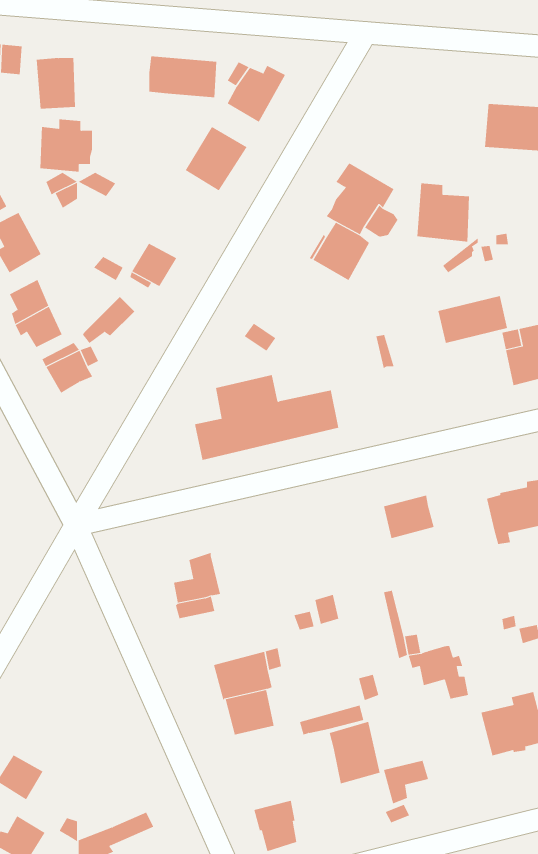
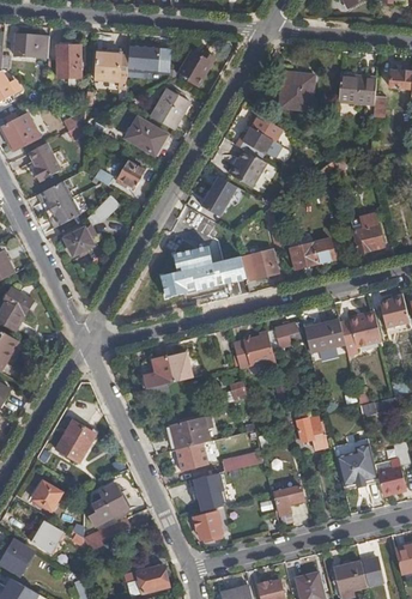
building: [39,119,93,172] -> [95,48,128,81]
building: none -> [126,117,166,155]
building: [417,183,470,242] -> [280,71,314,108]
building: none -> [204,176,241,217]
building: [437,296,508,343] -> [290,231,334,261]
building: none -> [243,247,279,278]
building: none -> [304,319,345,351]
building: none -> [235,329,278,368]
building: none -> [168,353,194,382]
building: none -> [56,420,96,461]
building: [329,721,380,784] -> [195,472,228,512]
building: none -> [90,485,128,527]

